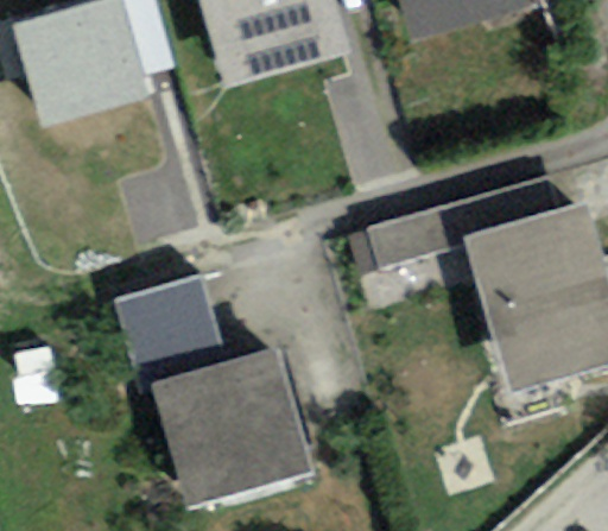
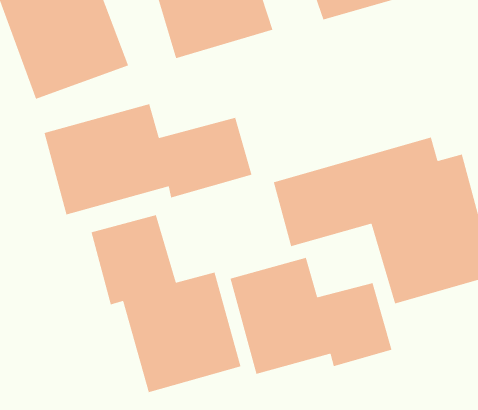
building: none -> [43,103,252,216]
building: none -> [230,257,392,375]

